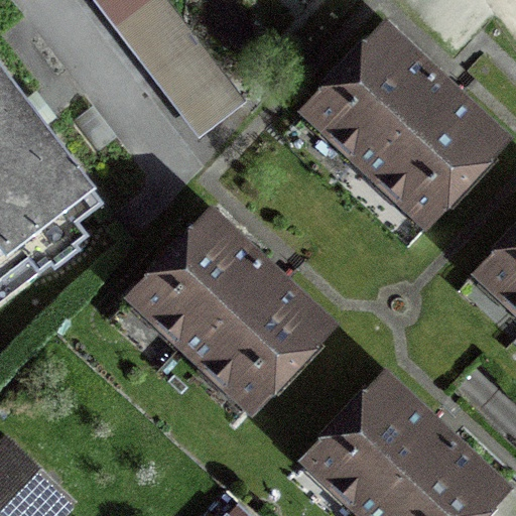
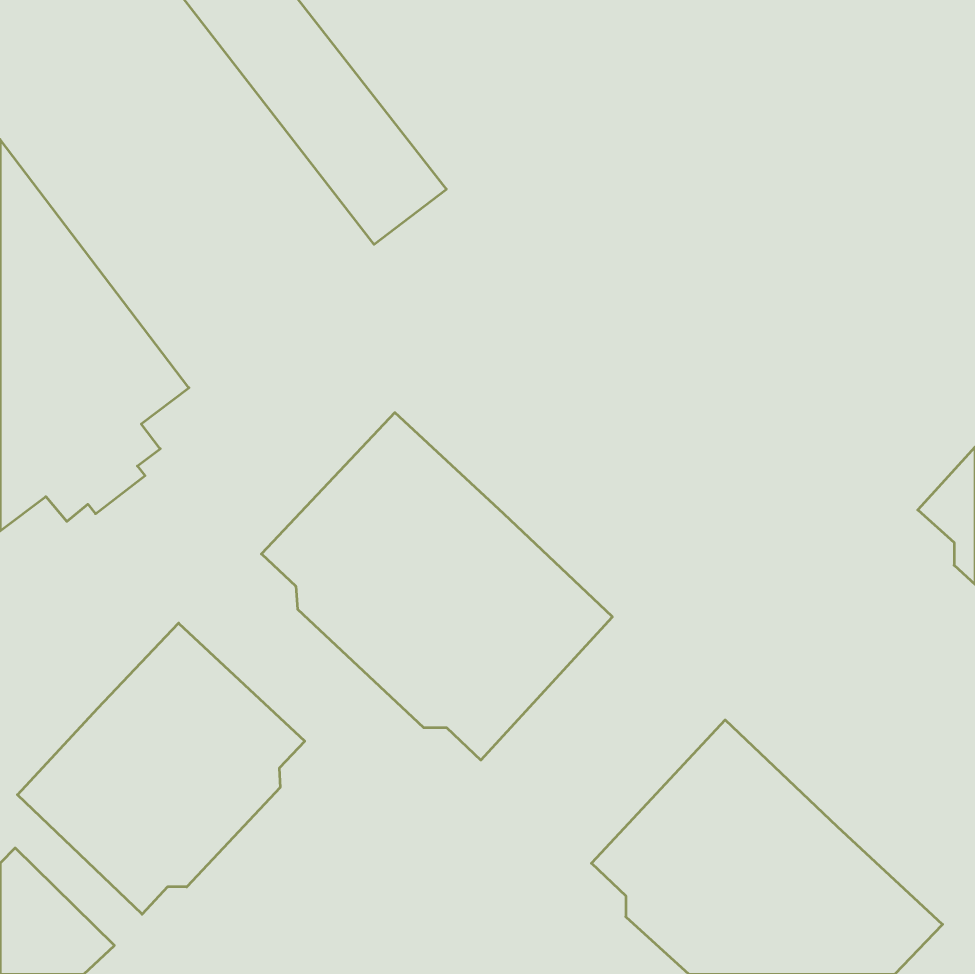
building: [312,31,498,215] -> none
building: none -> [17,623,305,914]

